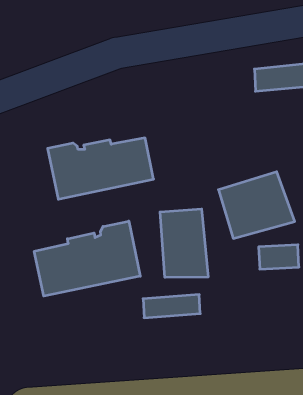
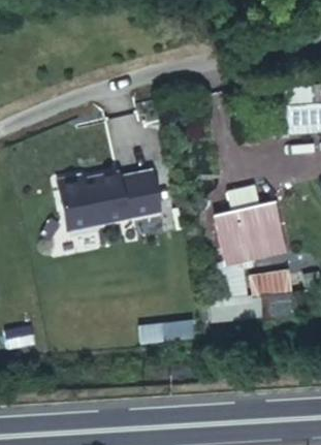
building: [160,209,208,277] -> none
building: [34,221,140,296] -> none

